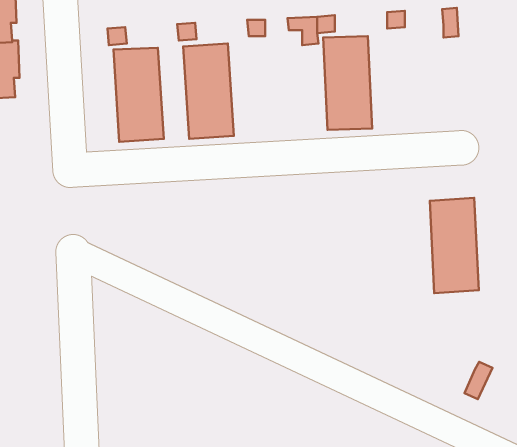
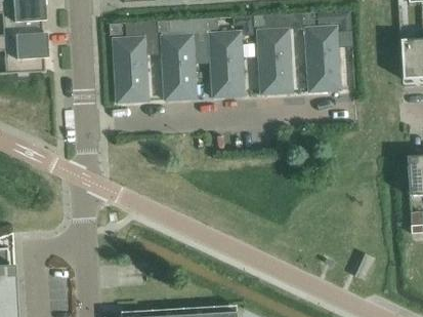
building: none -> [209,31,244,96]
building: [430,198,479,293] -> [305,26,339,91]

